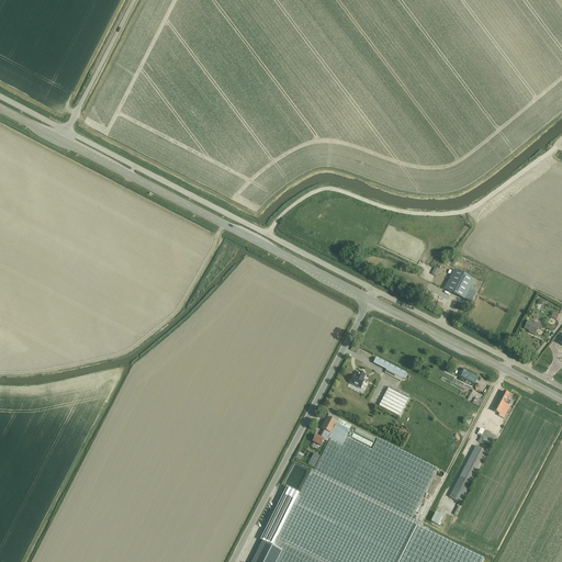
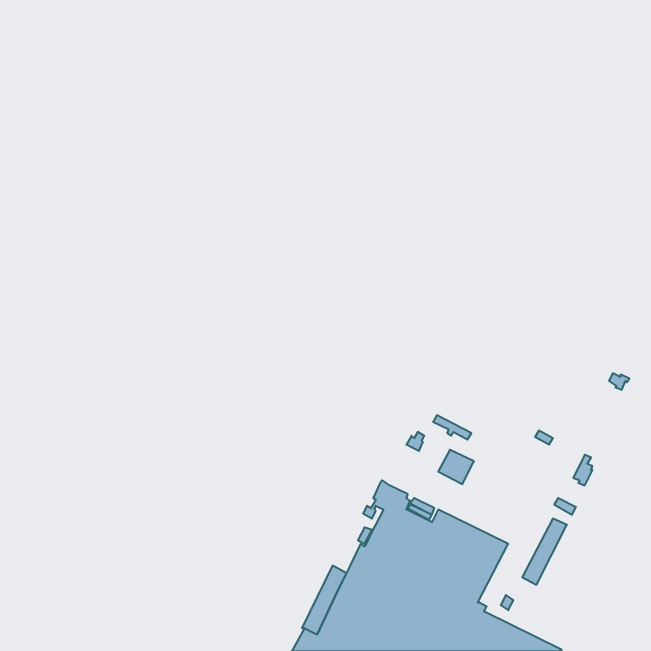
building: [445,270,474,300] -> none

